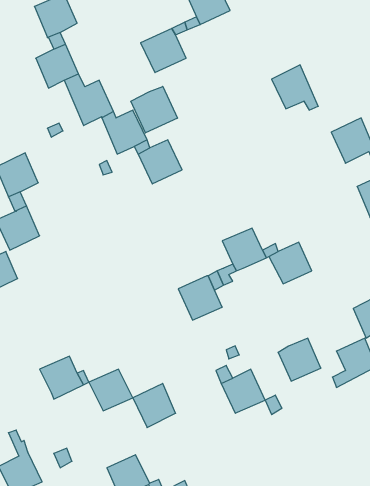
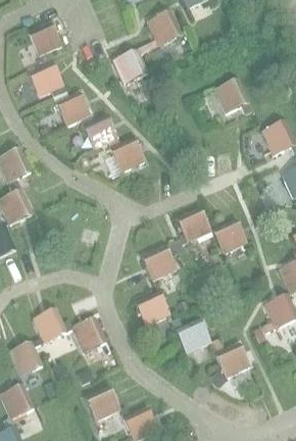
building: [131,86,177,133] -> none
building: [278,338,321,381] -> [215,343,249,377]
building: [133,383,176,428] -> [135,291,168,326]
building: none -> [7,342,42,376]

